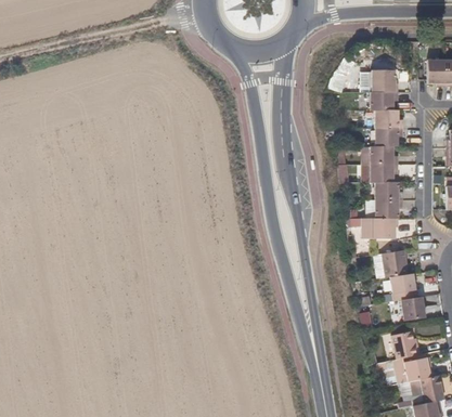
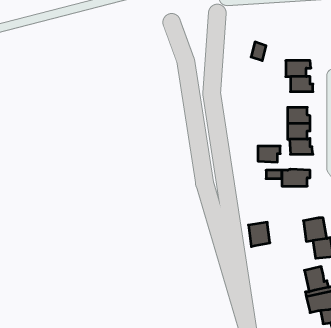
building: [371,70,398,92] -> none
building: [374,128,401,146] -> none
building: [375,200,401,219] -> [258,146,280,162]
building: [383,250,408,278] -> [248,222,270,247]

